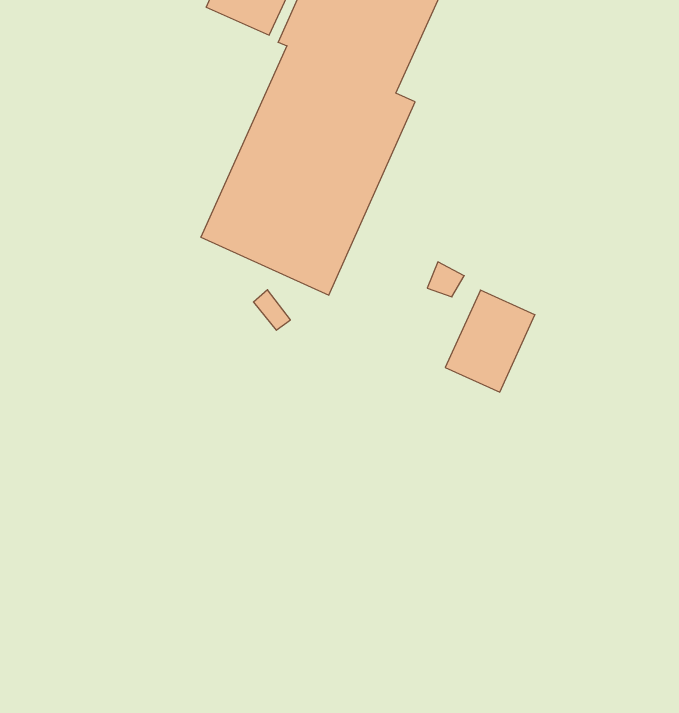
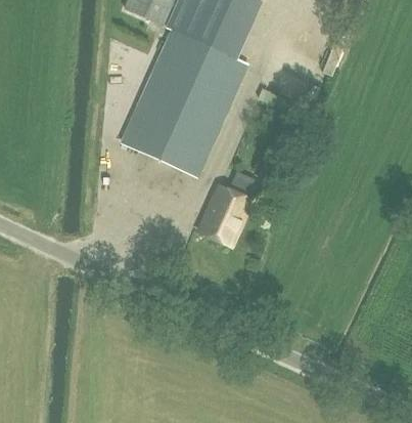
building: [445,290,535,392] -> [199,186,251,246]

